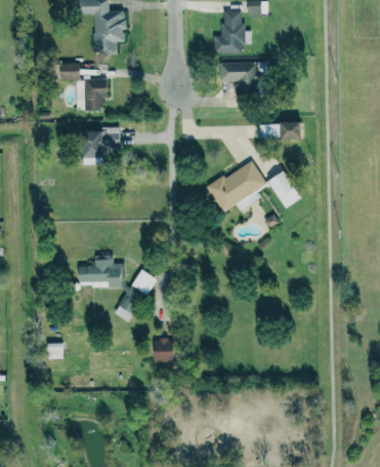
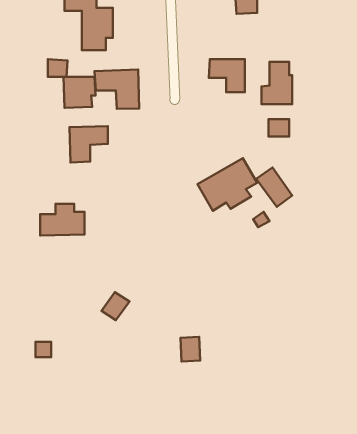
building: [214,11,245,53] -> [261,62,292,104]
building: none -> [95,70,139,109]
building: [80,255,124,286] -> [40,204,84,236]
building: [131,269,158,296] -> none
building: [154,338,173,362] -> [181,337,200,362]

